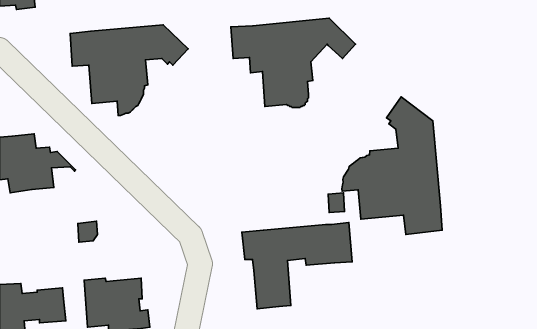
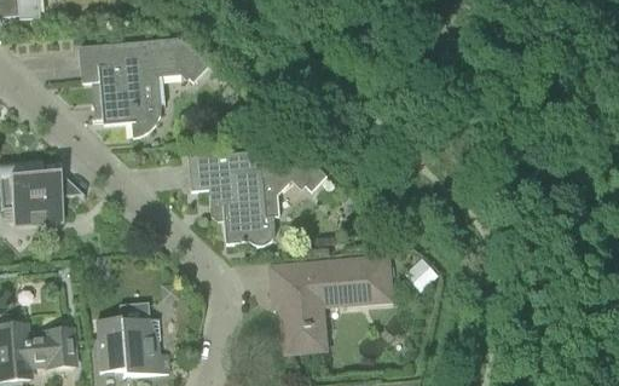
building: [231,18,355,108] -> [189,145,326,244]
building: [342,97,442,234] -> none

